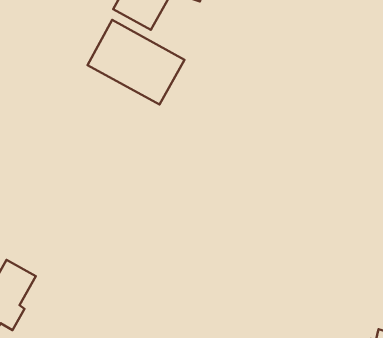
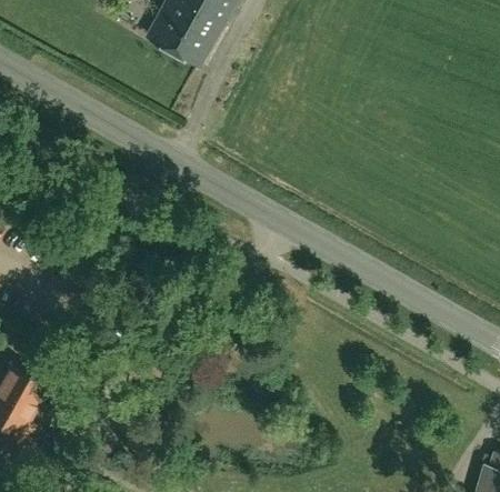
building: [88,20,184,104] -> none

